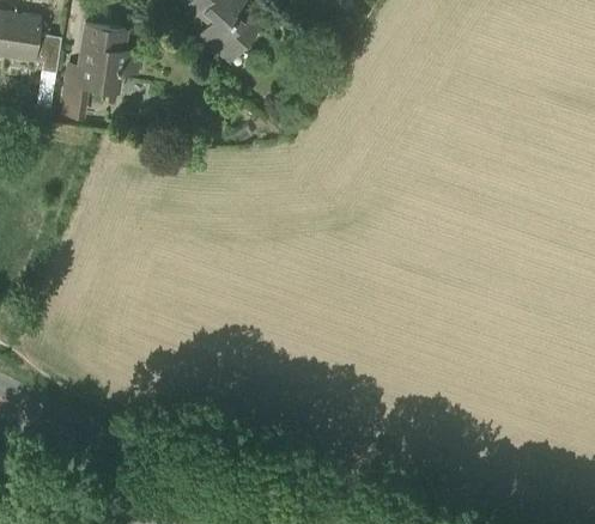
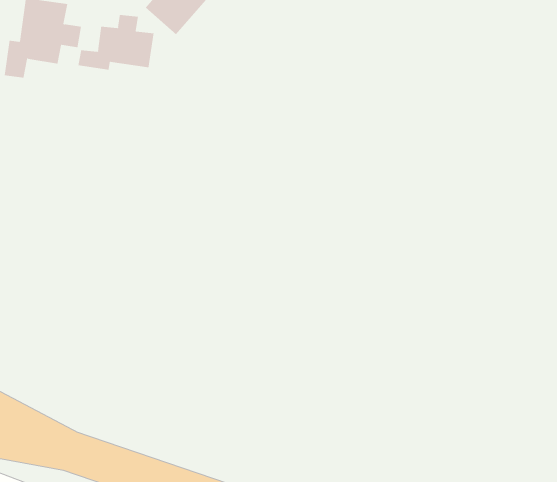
building: none -> [78,14,154,71]

